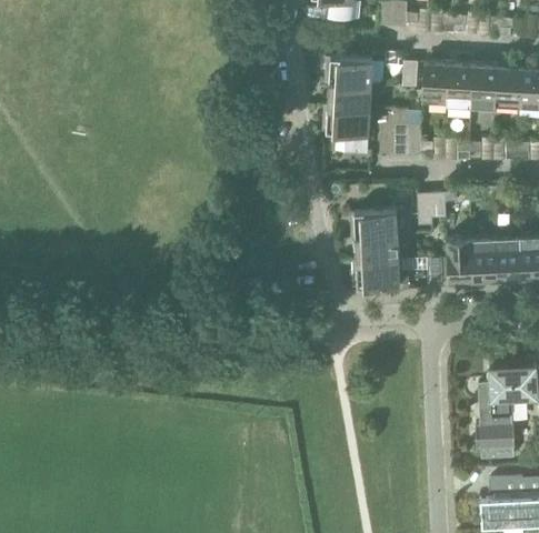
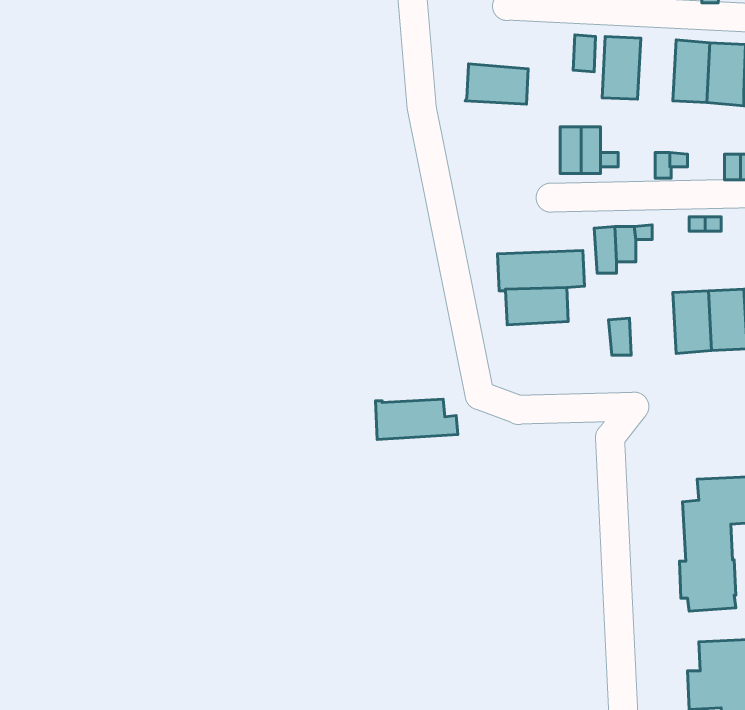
building: [326,57,373,84] -> none
building: [448,63,475,107] -> none
building: [323,104,371,153] -> none
building: [448,239,475,282] -> none
building: [353,259,410,286] -> [376,399,458,439]

